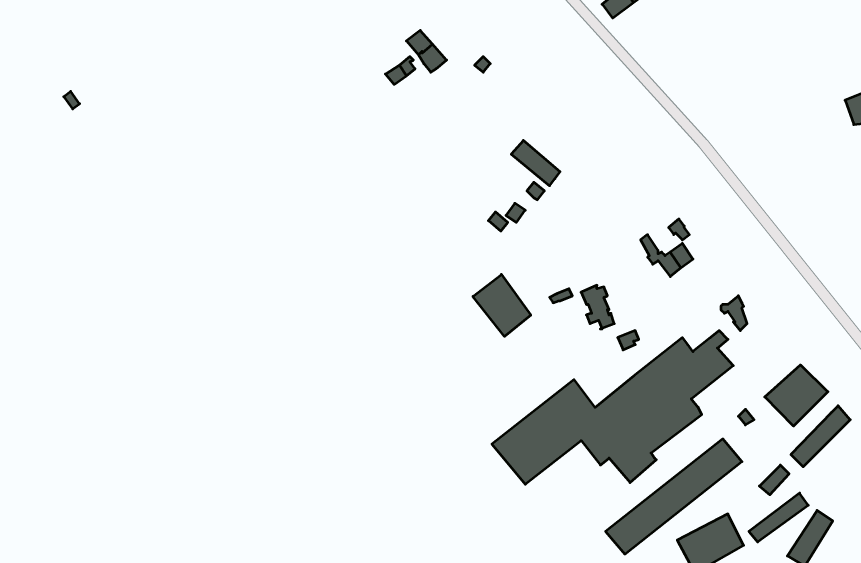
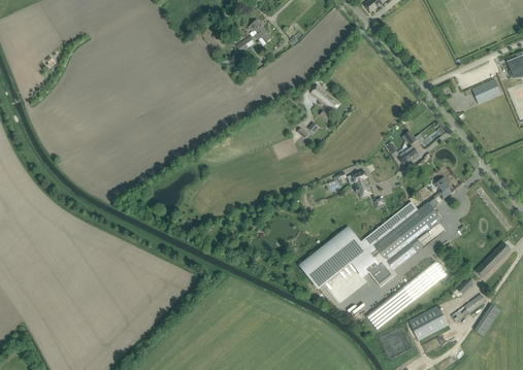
building: none -> [472,79,501,103]
building: [473,274,531,336] -> none
building: [765,365,828,426] -> none

